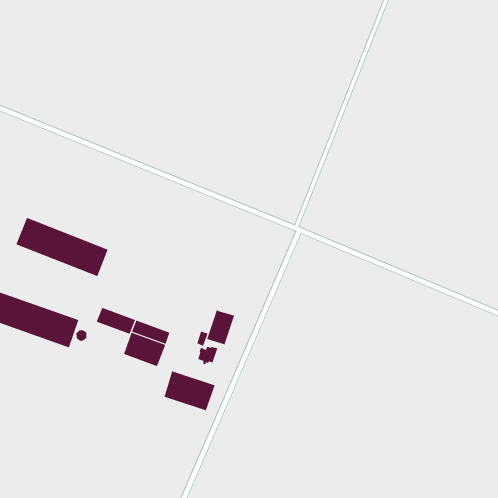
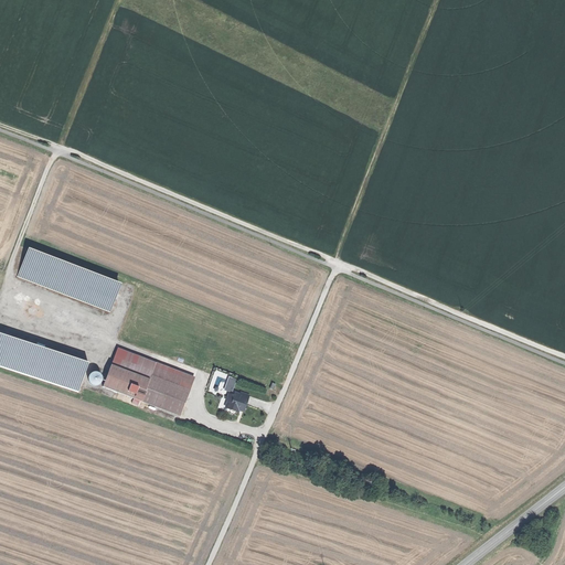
building: [206,310,235,345] -> none
building: none -> [100,363,147,399]
building: [164,371,215,411] -> none

